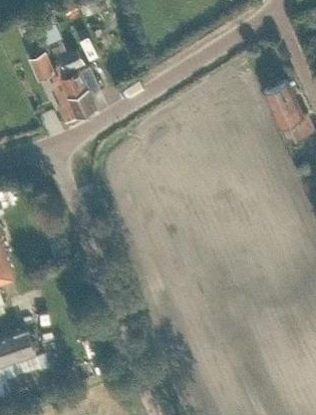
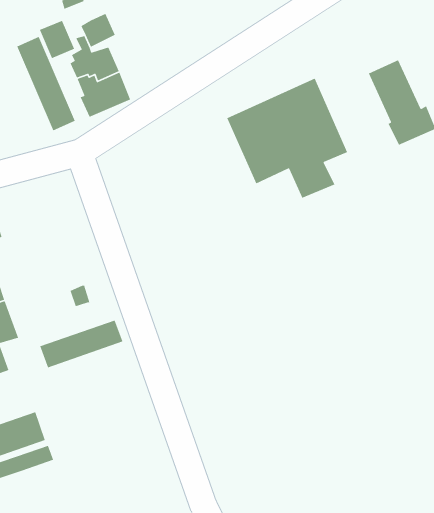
building: none -> [16,36,76,132]
building: none -> [226,77,348,199]
building: none -> [39,319,123,368]

